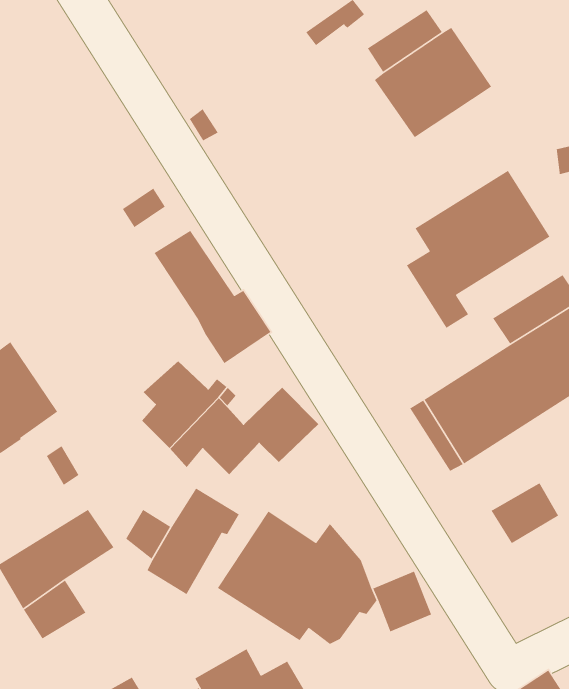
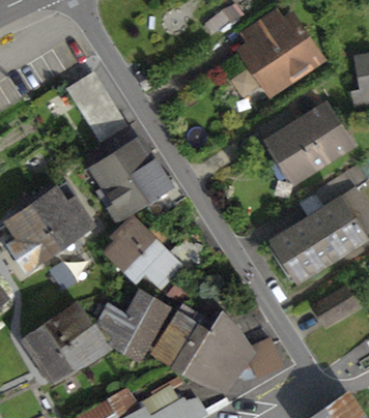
building: none -> [66,74,113,128]
building: none -> [93,153,145,219]
building: none -> [31,182,92,246]
building: none -> [63,325,107,364]

